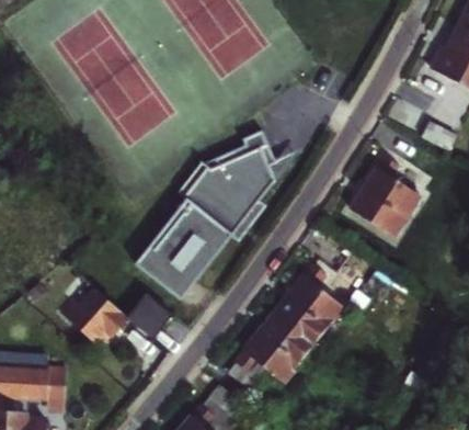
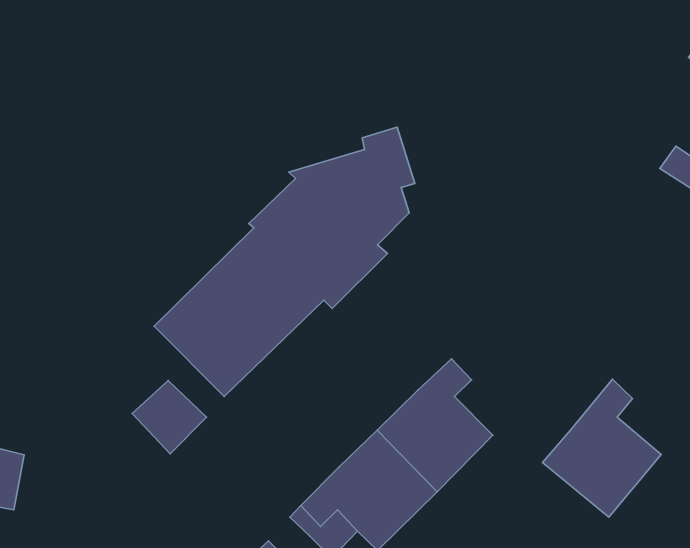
building: [348,154,417,235] -> [542,379,661,517]
building: [61,291,128,342] -> none

